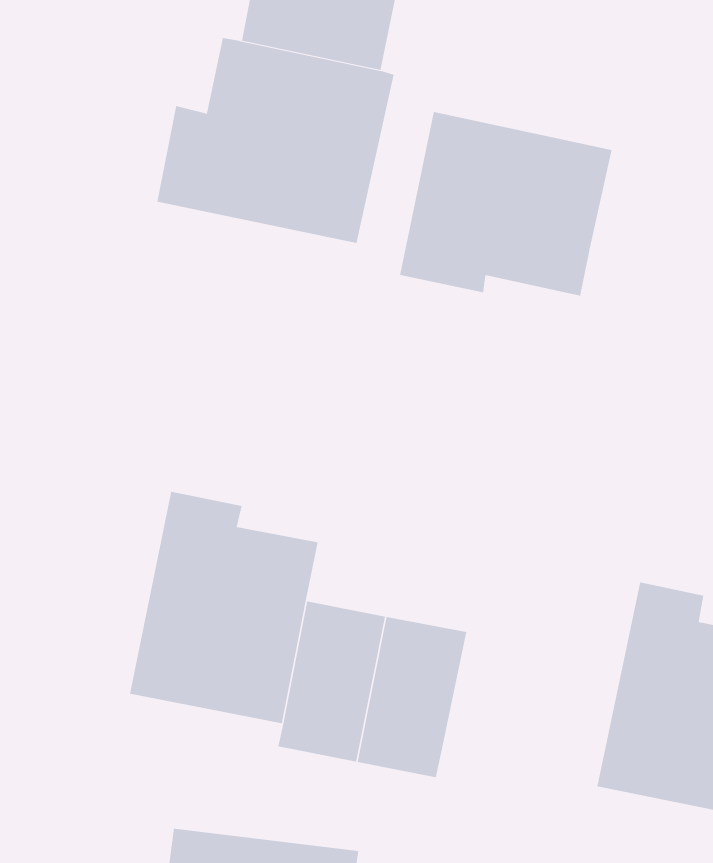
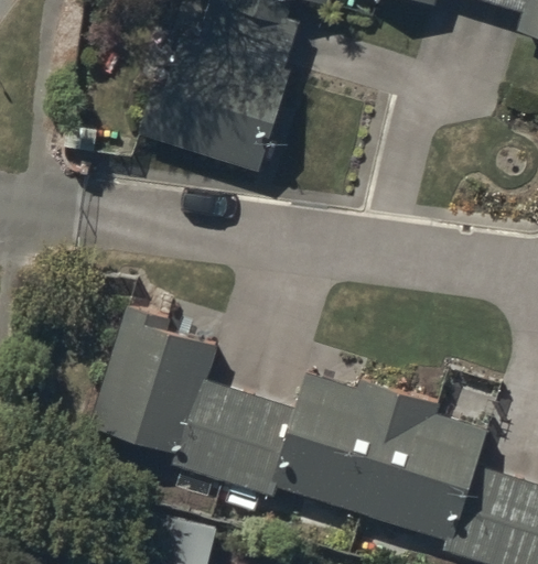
building: [399,111,612,297] -> none
building: none -> [272,379,401,510]

